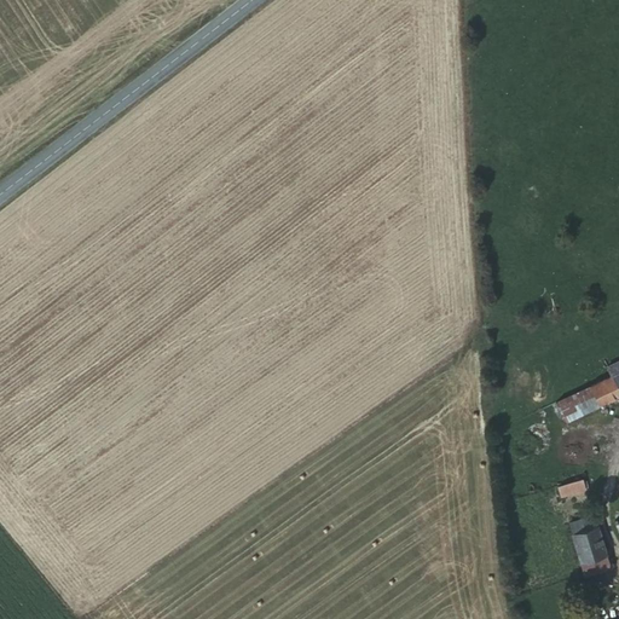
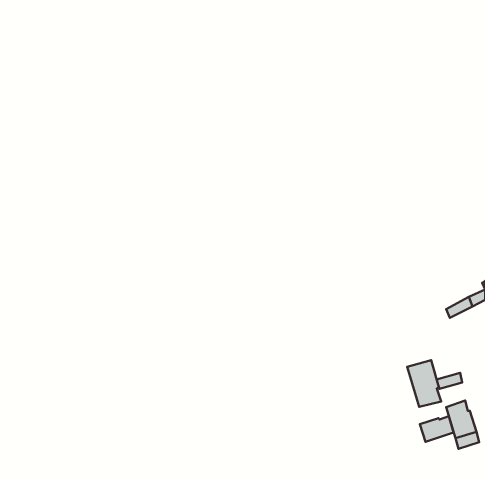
building: none -> [407,360,441,407]
building: none -> [420,416,454,442]

